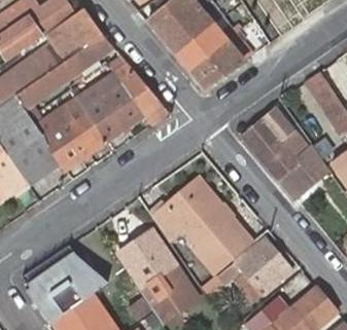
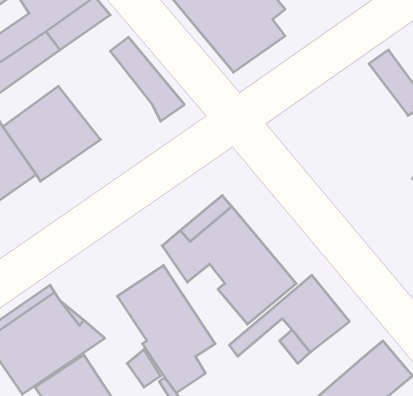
building: [75,73,144,138] -> none
building: [244,109,332,198] -> none

